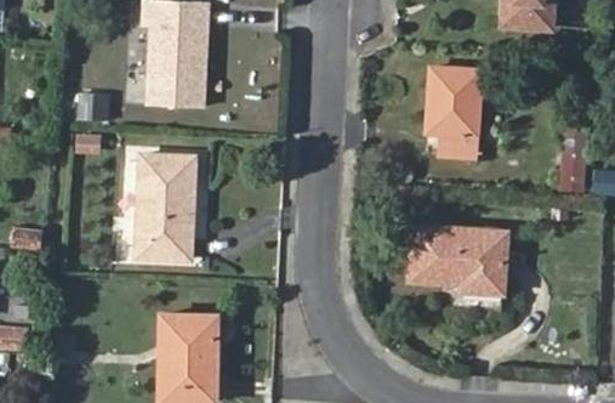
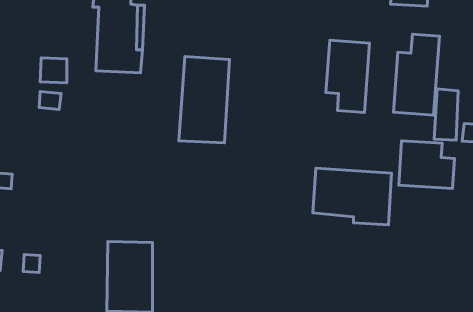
building: none -> [393,34,440,115]
building: [133,154,195,260] -> [179,57,230,143]
building: none -> [399,141,454,188]

